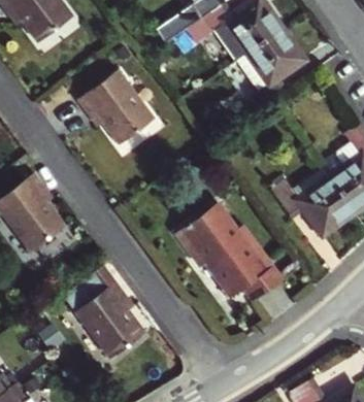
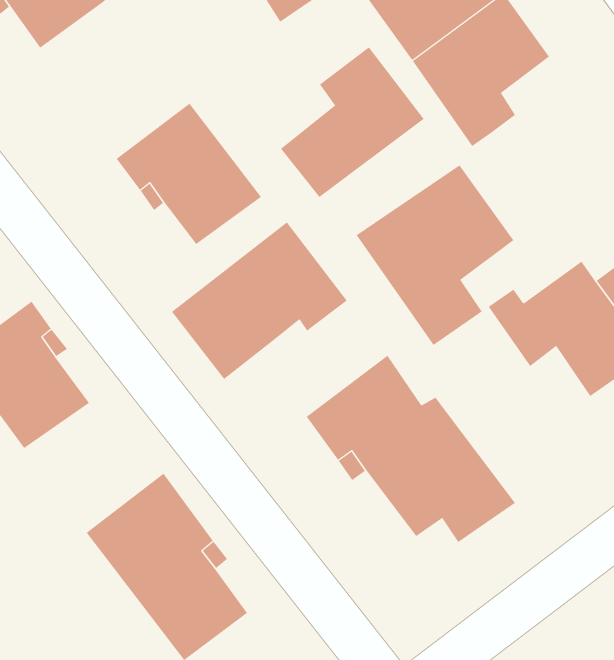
building: none -> [280,46,424,198]
building: none -> [356,164,514,346]
building: none -> [171,222,348,380]

